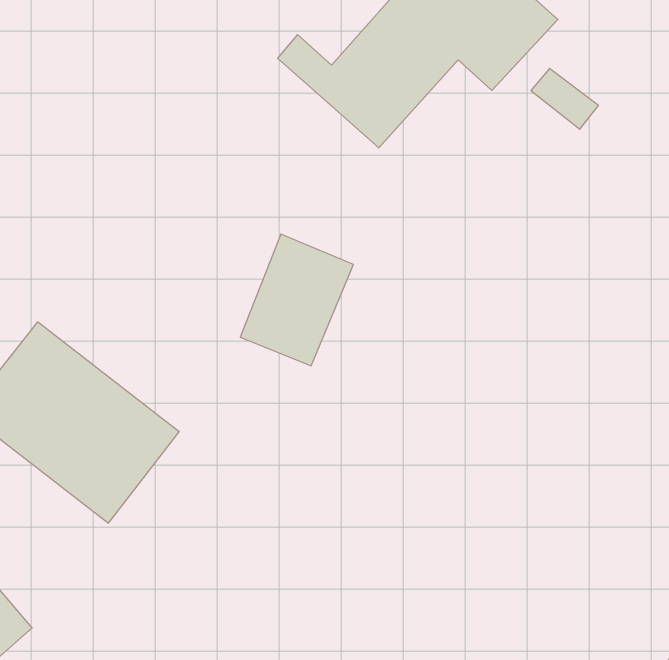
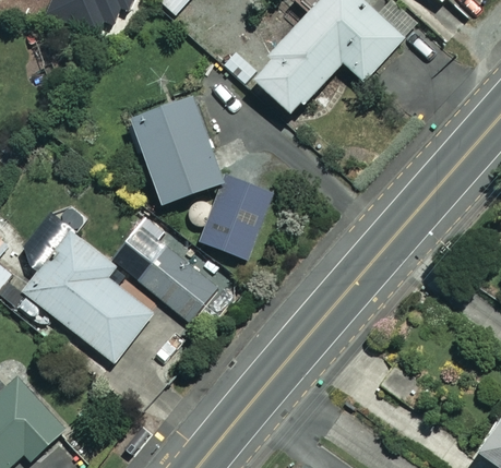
building: none -> [129,97,220,204]
building: none -> [112,220,219,320]

